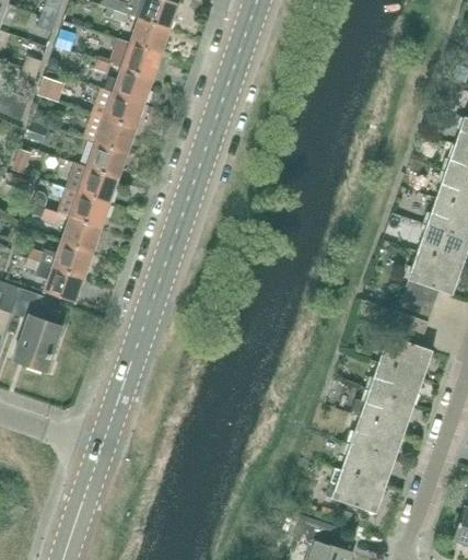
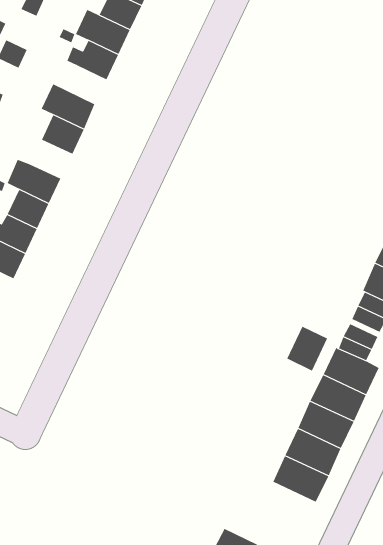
building: [92,89,143,128] -> none
building: [66,163,118,202] -> none
building: none -> [286,326,328,371]
building: [331,470,385,513] -> none

